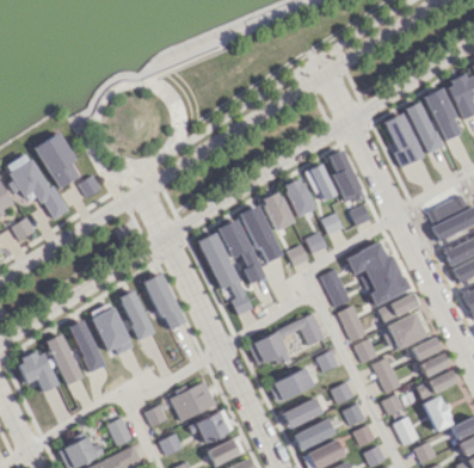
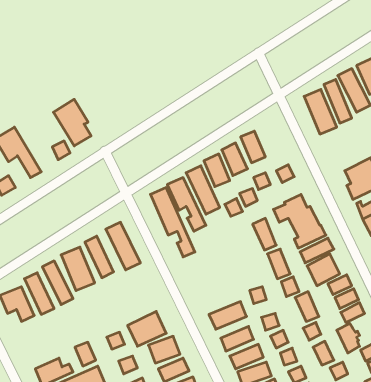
building: [35,133,80,189] -> [53,99,91,146]
building: [326,149,363,204] -> none
building: [247,314,325,367] -> none

